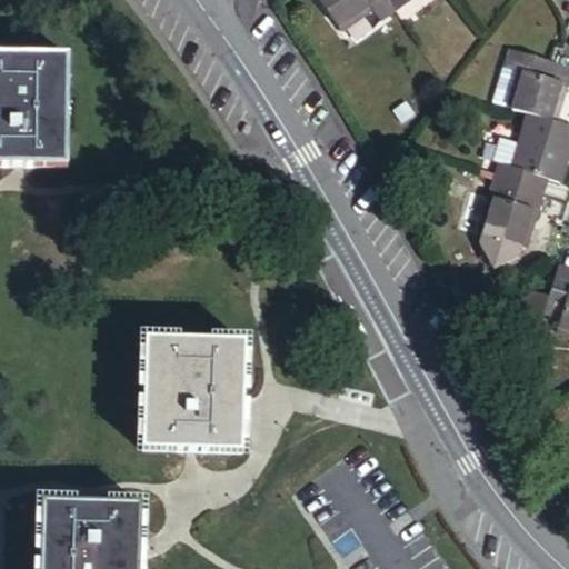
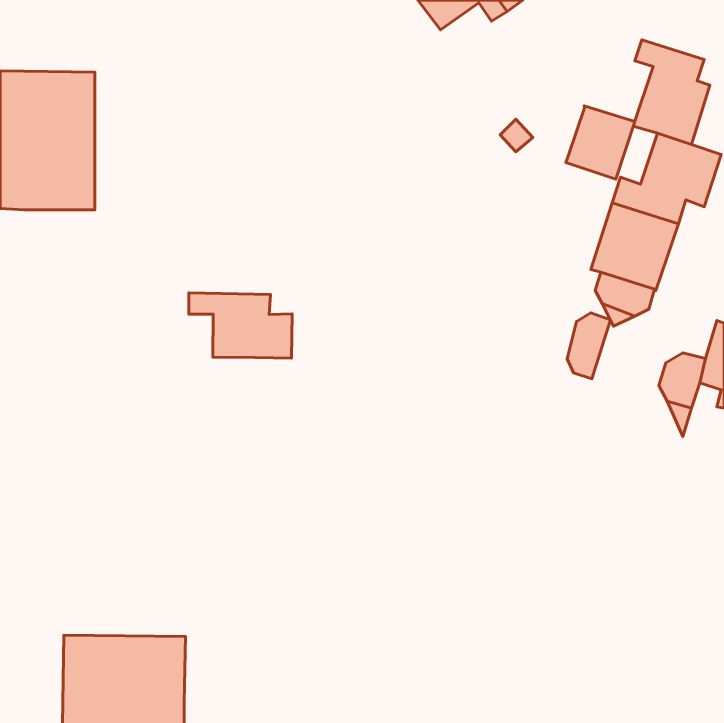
building: none -> [566,106,635,179]
building: none -> [189,293,292,358]
building: none -> [567,313,610,379]
building: [140,330,249,453] -> none

